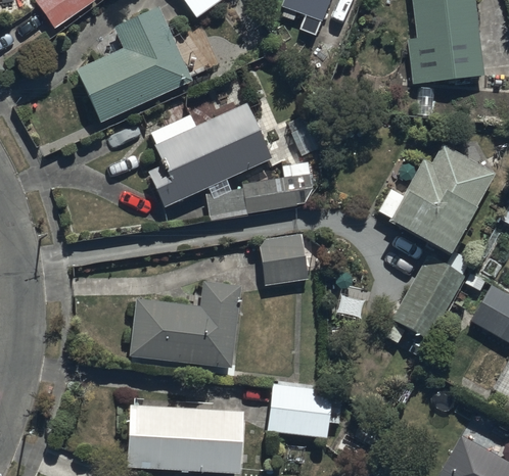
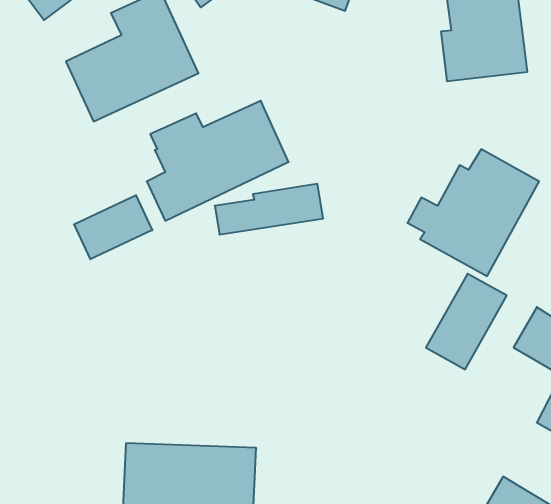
building: none -> [74,195,152,259]
building: [259,232,311,287] -> none
building: [130,281,241,367] -> none
building: [268,383,344,437] -> none

